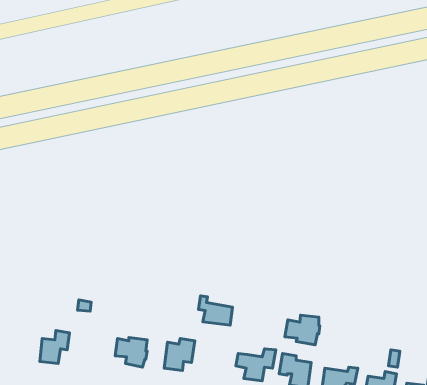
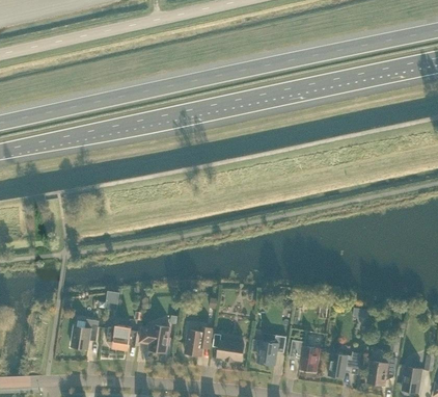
building: [198,296,233,325] -> [213,334,244,361]
building: [285,315,320,345] -> none
building: none -> [106,324,138,347]

